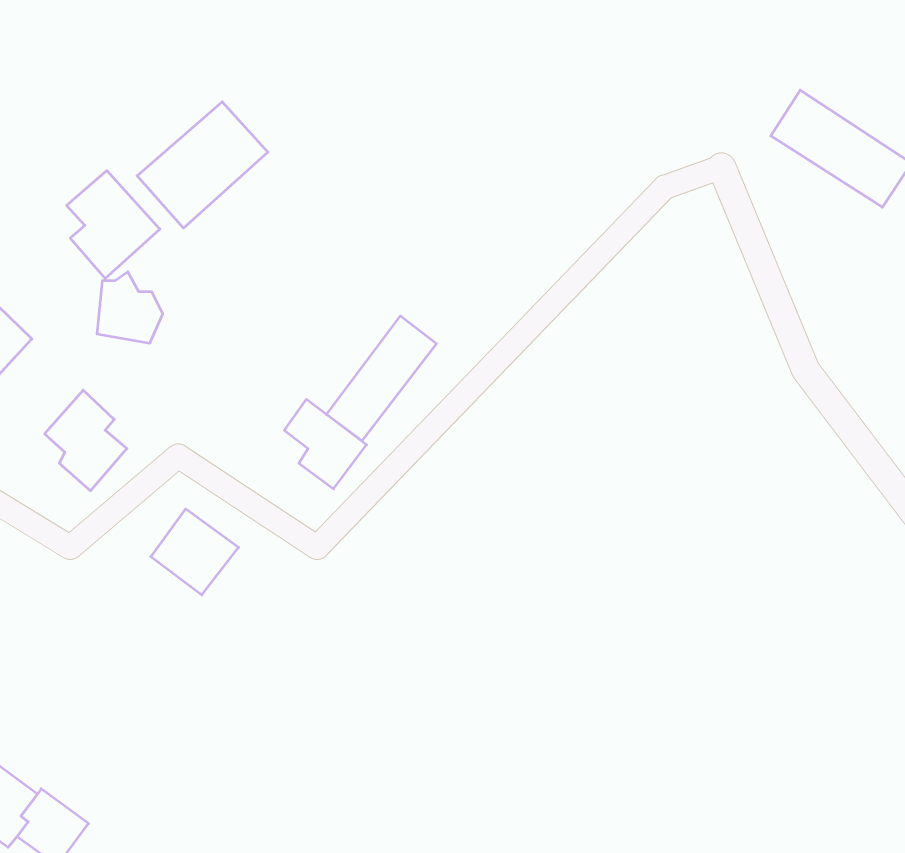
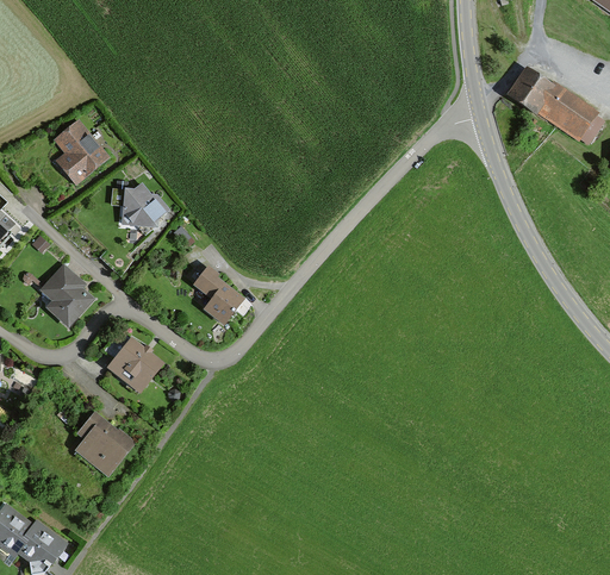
building: [137,102,268,228] -> none
building: [97,272,163,343] -> [123,182,166,229]
building: [326,316,436,441] -> none
building: none -> [75,407,135,474]

